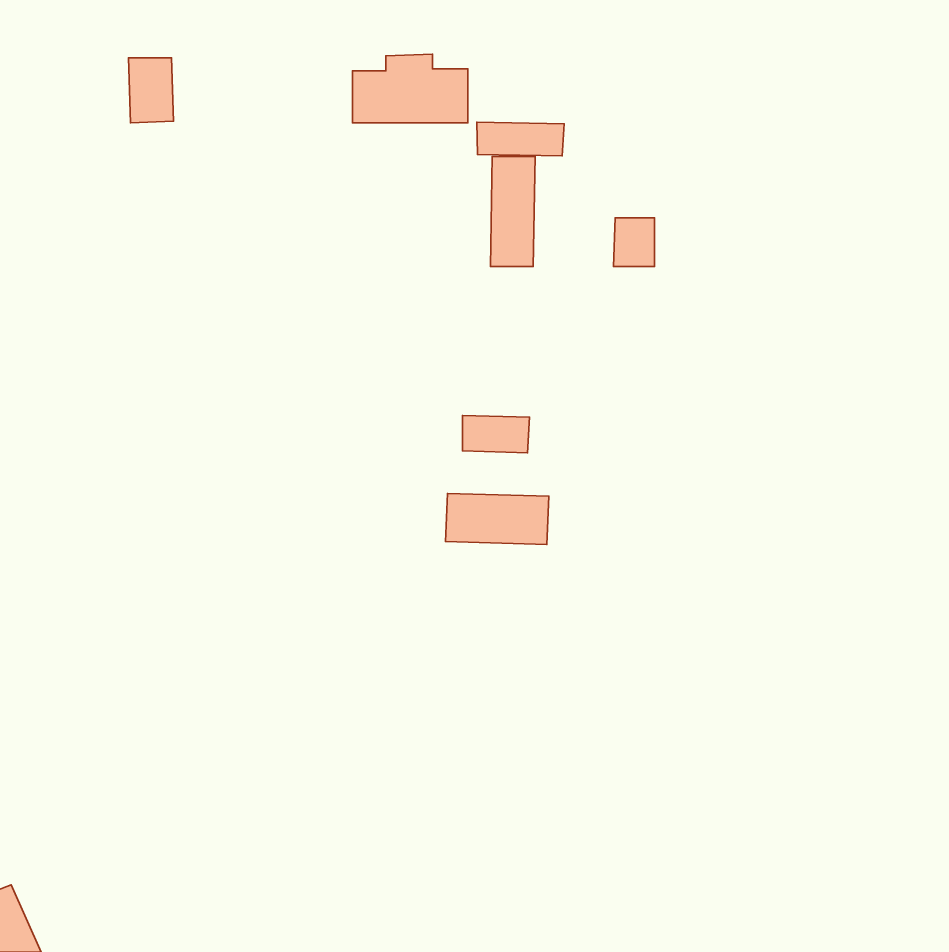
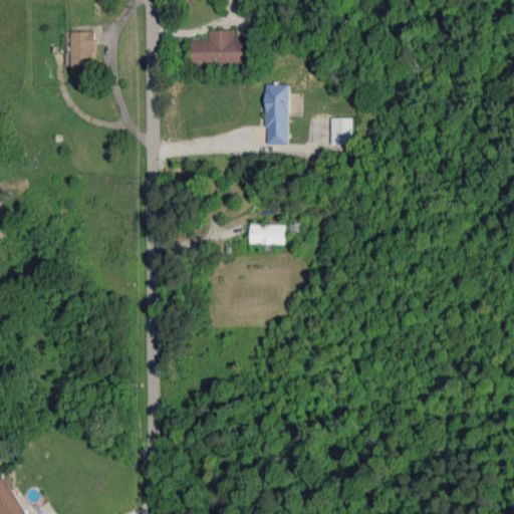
building: [477,122,564,156] -> none
building: [445,493,549,544] -> none

